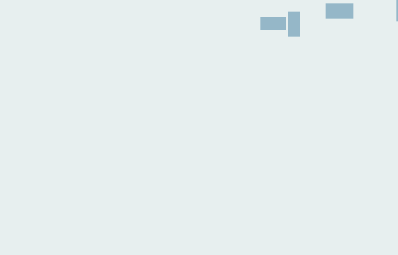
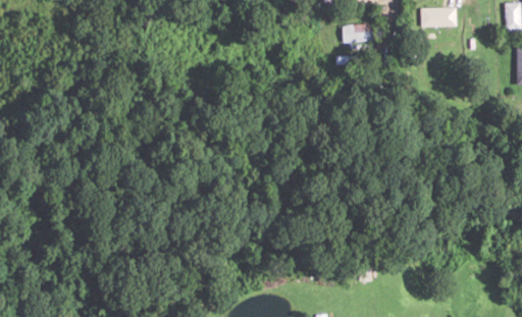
building: [287,11,301,38] -> none

